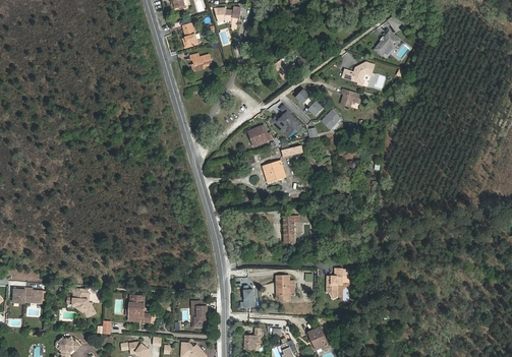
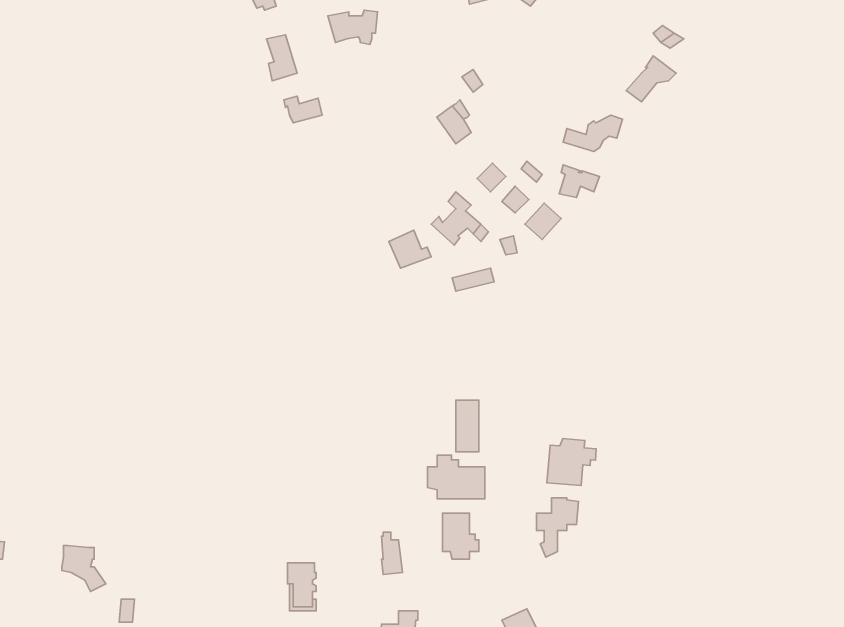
building: [262,160,286,183] -> none
building: none -> [547,439,596,486]
building: none -> [427,455,485,499]
building: [130,297,155,321] -> none

